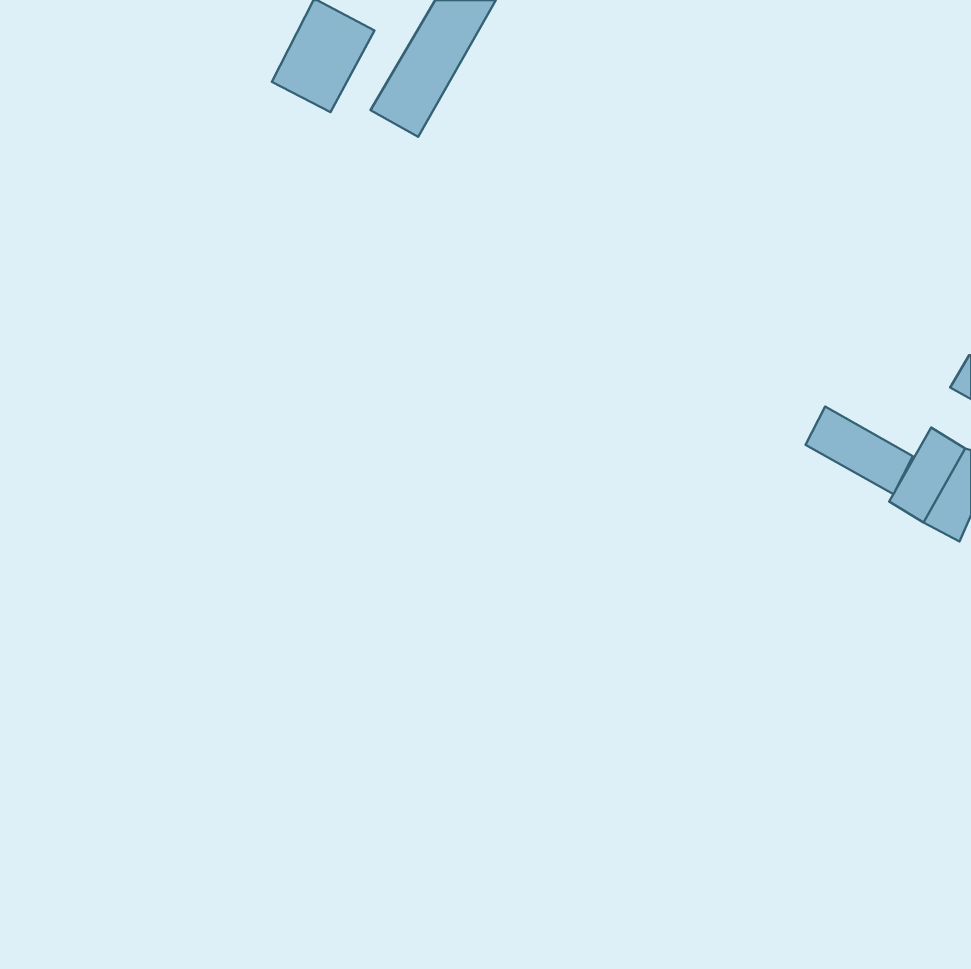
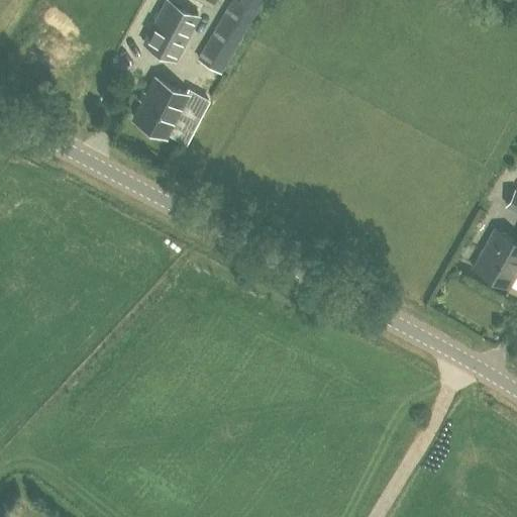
building: none -> [134,79,210,142]
building: [805,407,913,494] -> none

